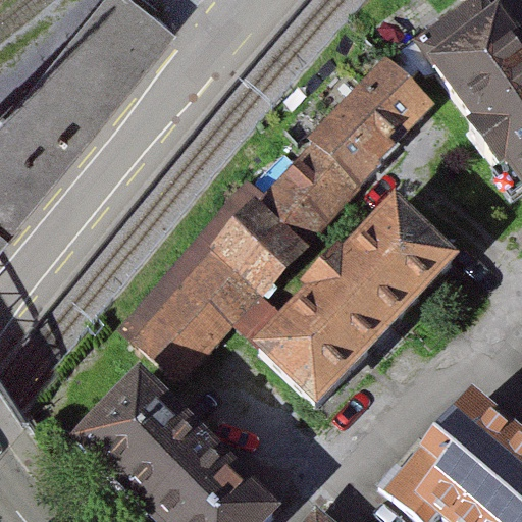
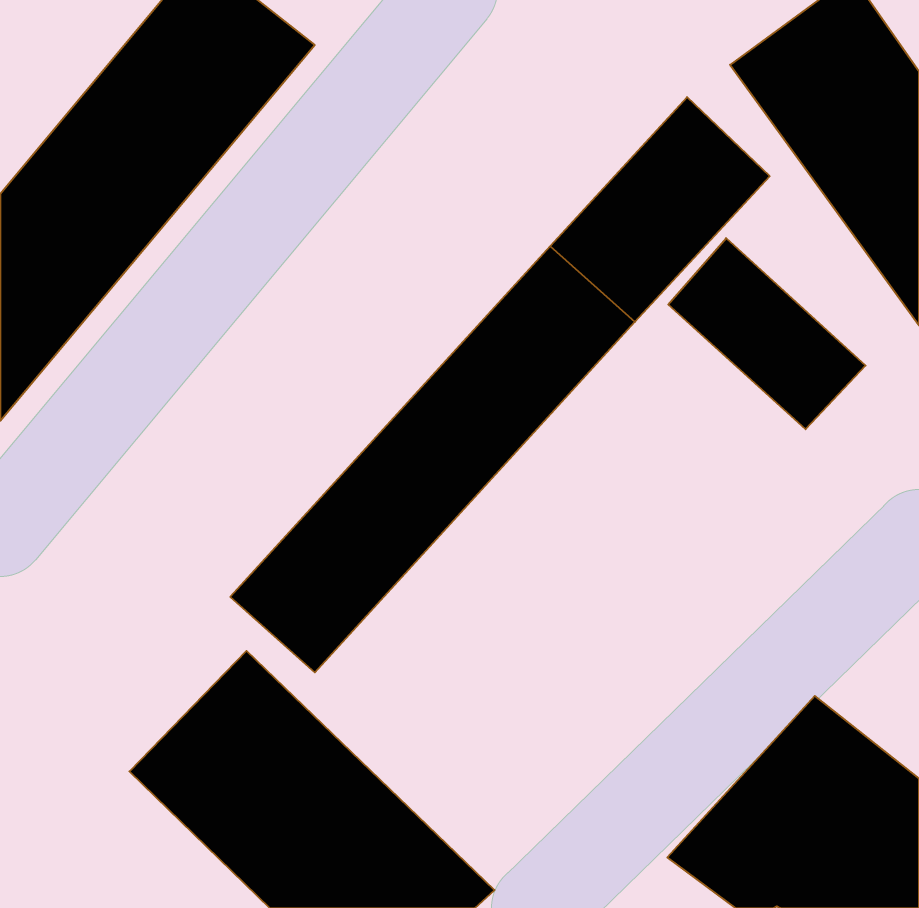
building: none -> [668,238,866,429]
building: [255,196,467,412] -> none

